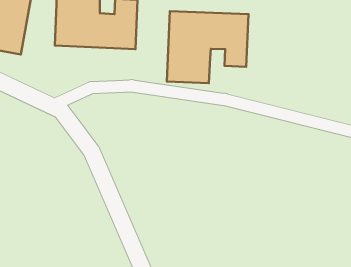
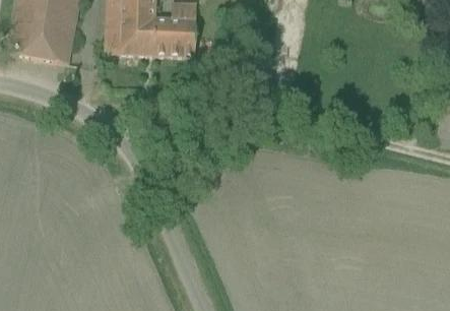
building: [167,11,249,83] -> none

